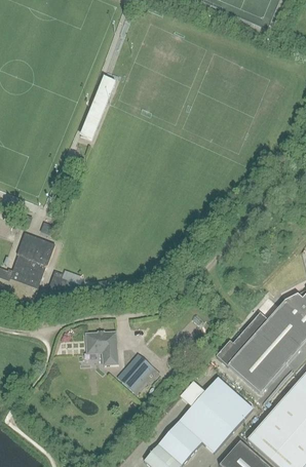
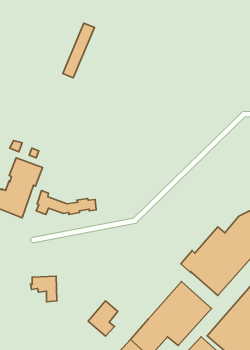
building: [85,332,116,361] -> [31,276,57,302]
building: [117,352,152,393] -> [88,301,118,336]

